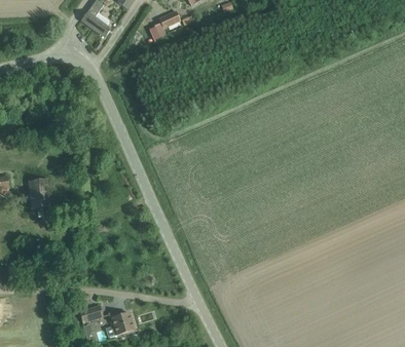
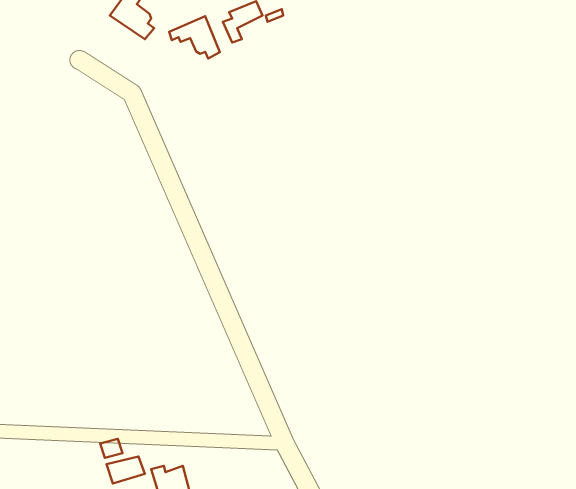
building: none -> [169,16,220,58]
building: [31,180,50,207] -> none

